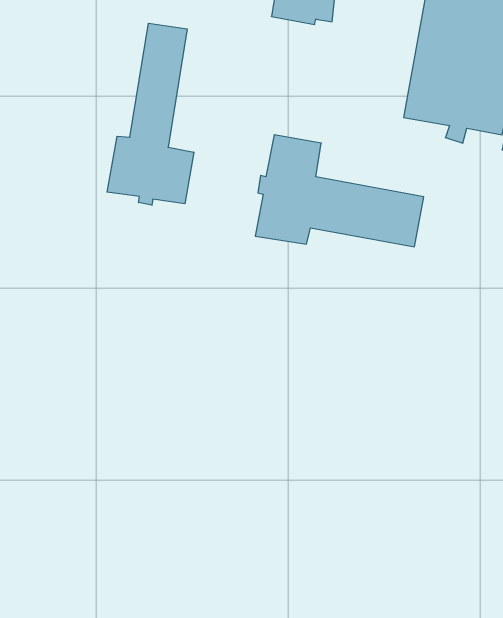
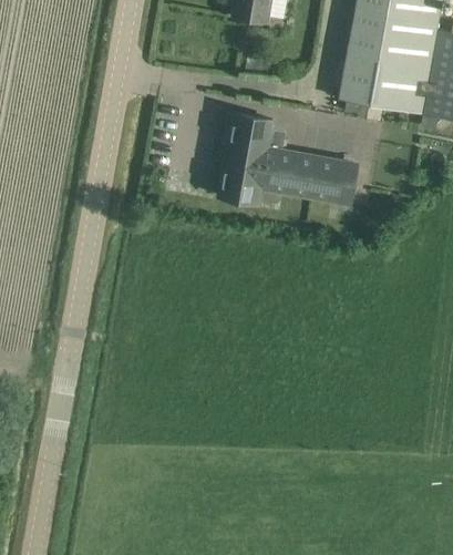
building: [107,23,194,205] -> none

